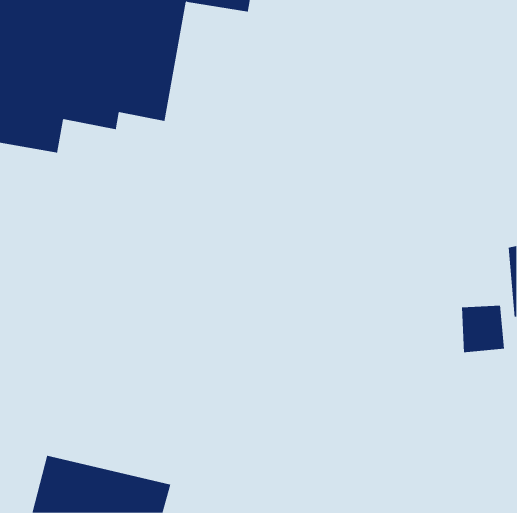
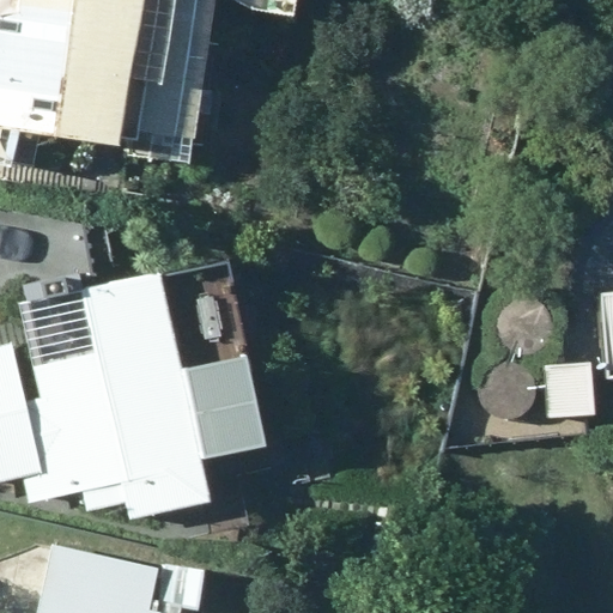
building: none -> [8,322,201,511]

